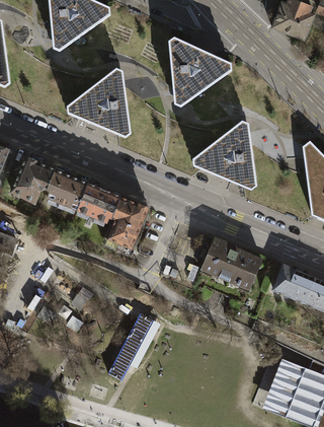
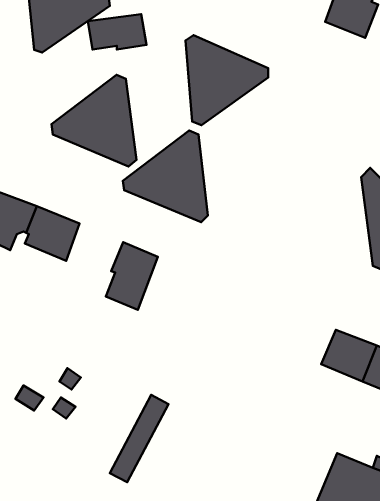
building: none -> [88,14,147,49]
building: [191,121,256,191] -> [123,130,208,222]
building: [77,183,120,223] -> none
building: [201,237,261,288] -> none

